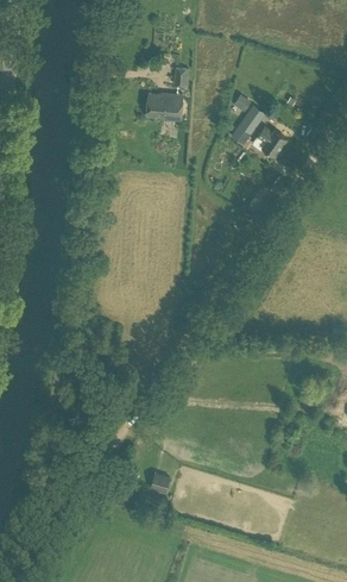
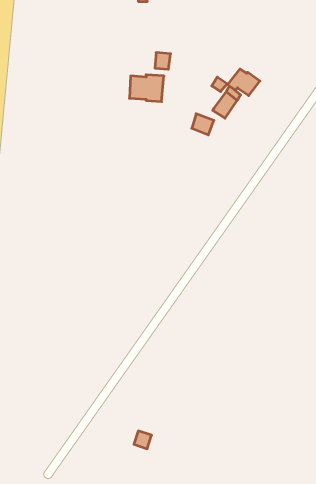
building: [251,127,285,156] -> [228,69,260,96]

